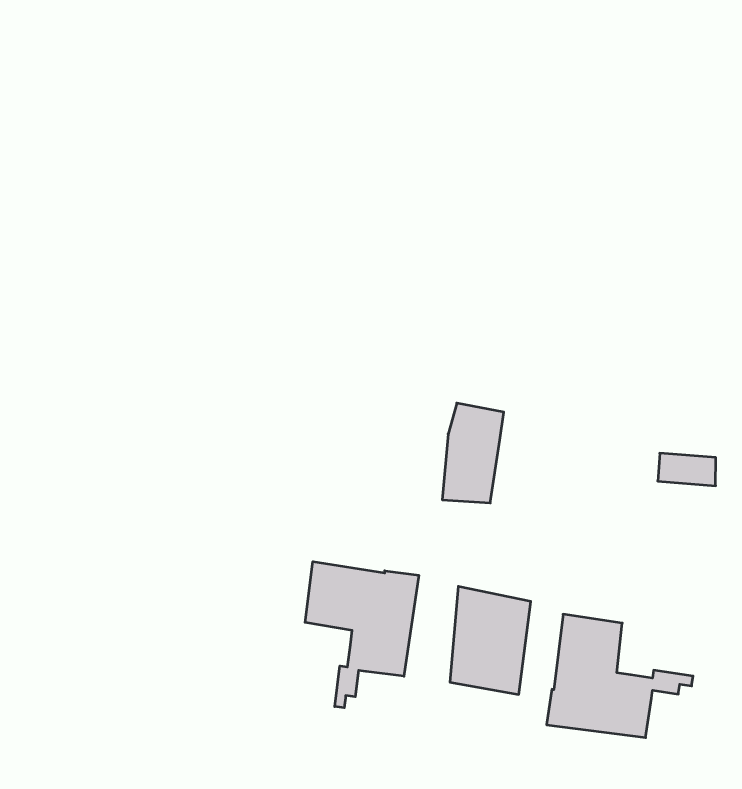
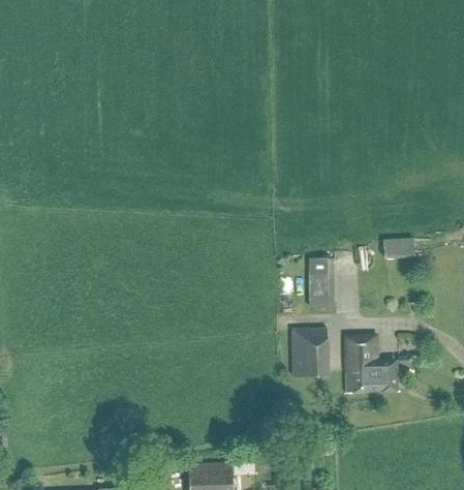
building: [442,403,504,503] -> [306,257,333,308]
building: [305,562,419,708] -> none

